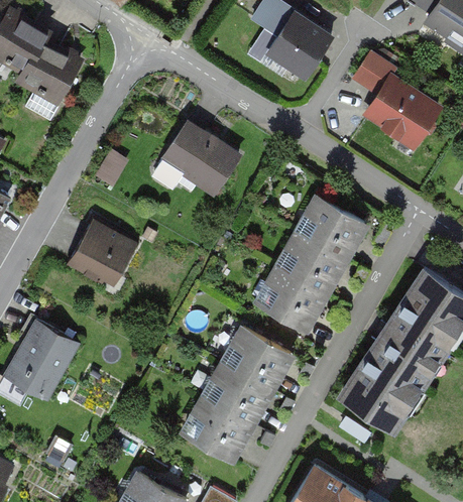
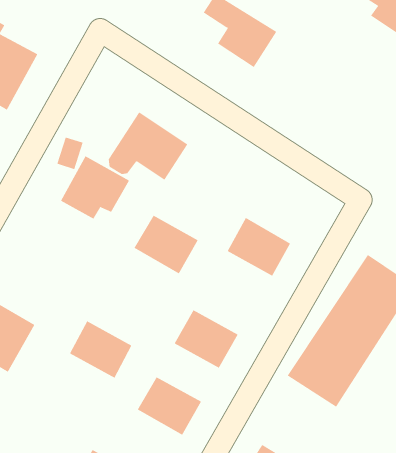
building: [353,52,437,143] -> none
building: [298,198,364,259] -> none
building: [67,218,139,284] -> [60,155,130,219]
building: [258,267,326,329] -> [134,215,199,274]
building: [205,363,270,423] -> [69,320,132,379]

